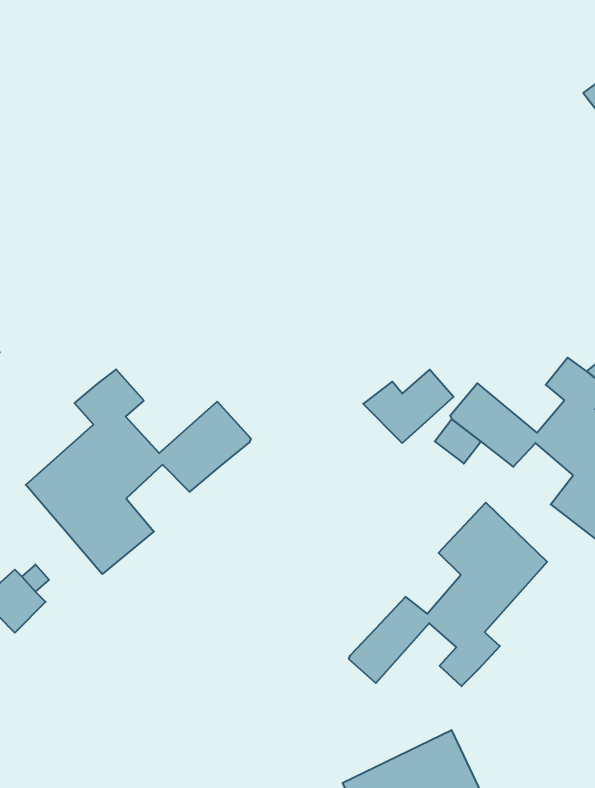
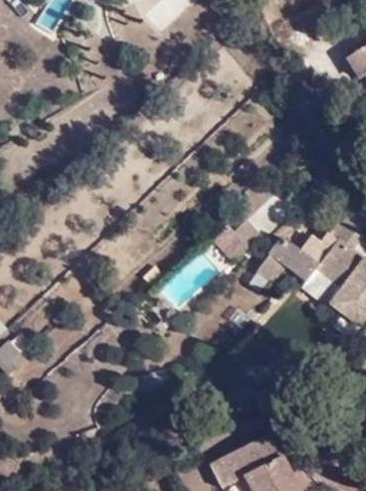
building: [26,369,251,574] -> none
building: [349,503,547,686] -> none

